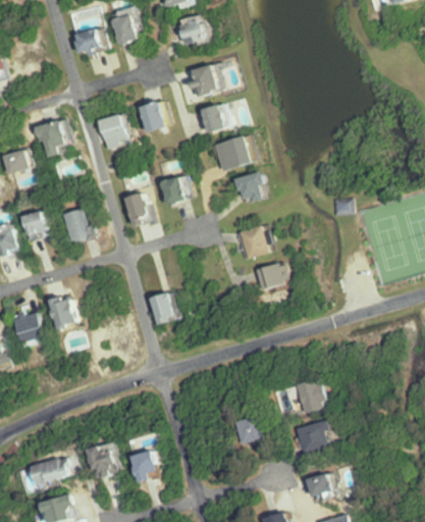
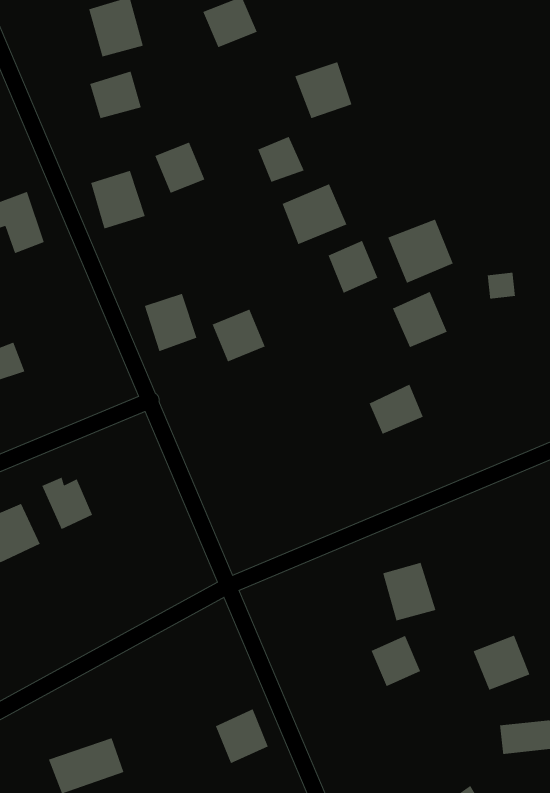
building: [71,27,102,54] -> [89,71,142,119]
building: [185,62,219,96] -> [294,61,353,119]
building: none -> [387,218,454,284]
building: [159,173,191,205] -> [211,308,266,363]
building: [60,207,88,242] -> none
building: [234,224,267,258] -> [392,291,448,348]
building: [147,291,177,325] -> none
building: [300,380,330,415] -> [382,562,436,622]
building: [92,443,124,479] -> none

